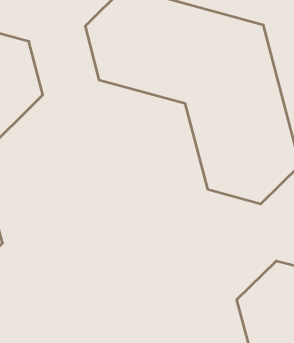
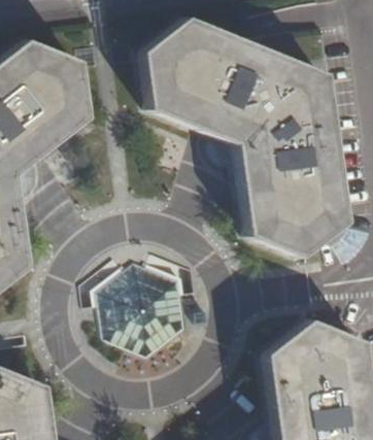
building: none -> [102,264,191,359]

